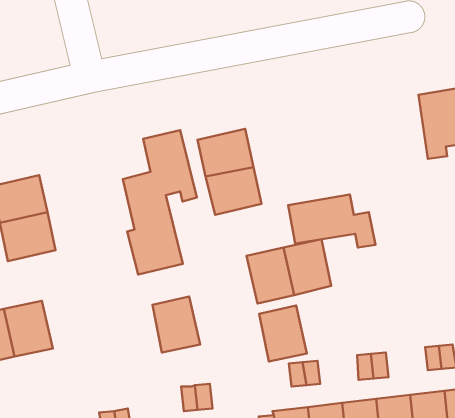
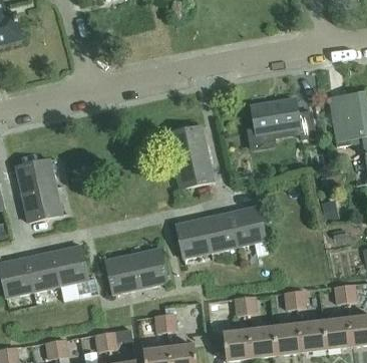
building: [123,130,197,274] -> none
building: [288,194,376,248] -> [250,98,314,137]
building: none -> [52,245,88,286]
building: none -> [105,254,140,294]
building: [259,306,307,362] -> [175,218,211,259]

